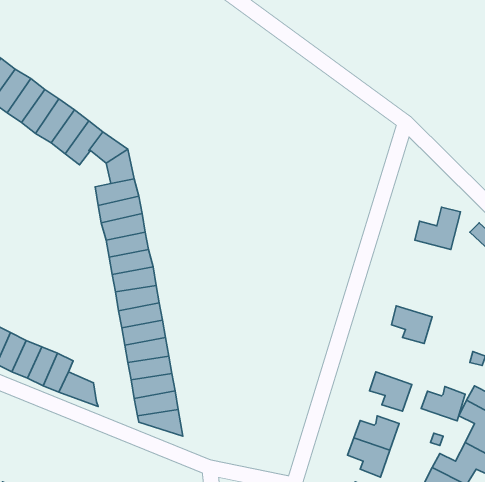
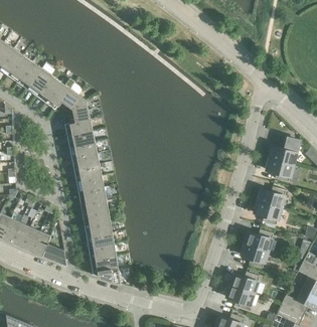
building: none -> [267,158,293,181]
building: none -> [258,186,286,207]
building: [421,386,465,421] -> [245,228,273,251]

